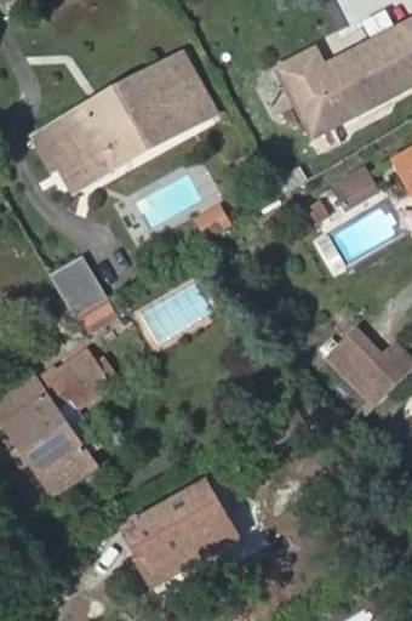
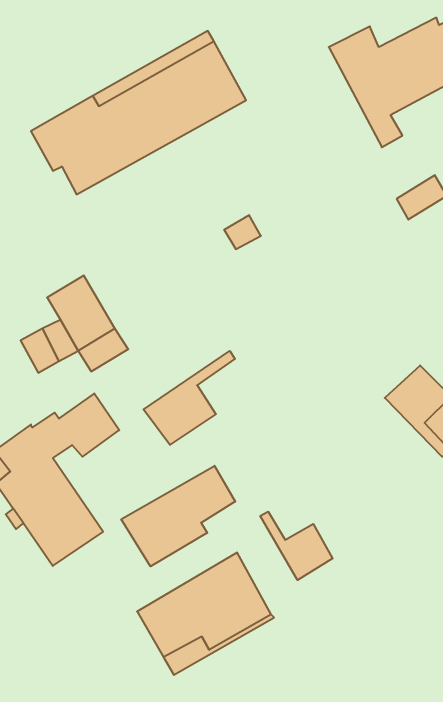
building: none -> [144,351,235,445]
building: none -> [121,466,235,566]
building: none -> [260,512,333,580]

